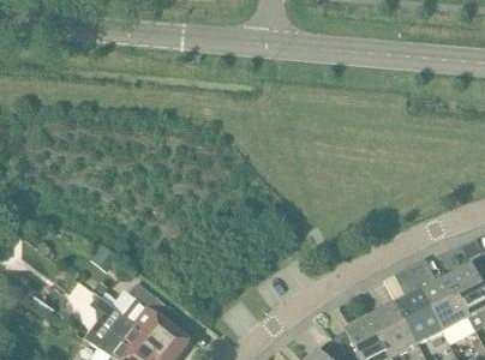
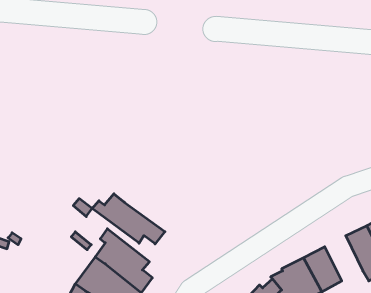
building: none -> [92,194,165,244]
building: [396,289,442,343] -> none

